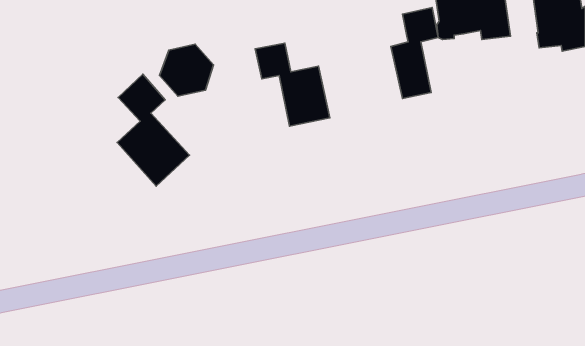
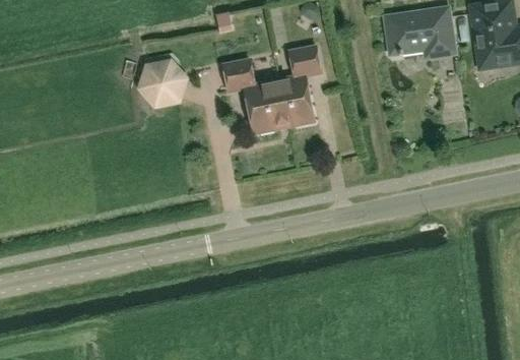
building: [391,7,438,98] -> [281,44,323,124]
building: [117,74,190,186] -> none

